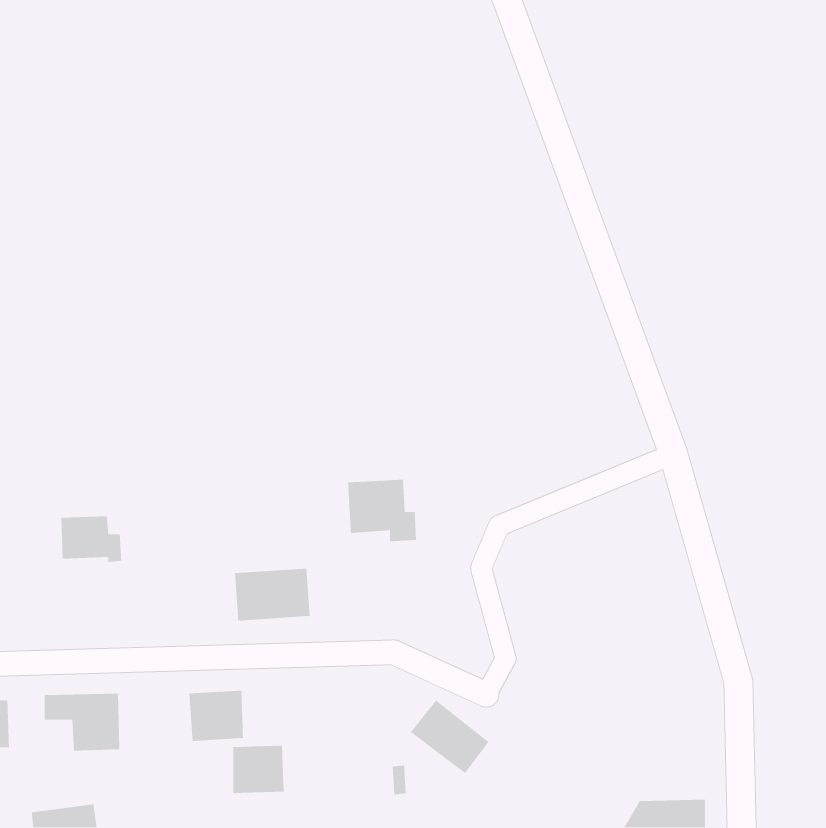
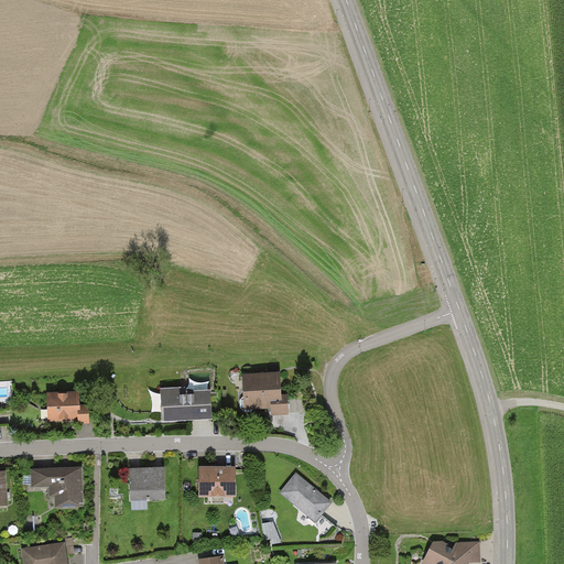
building: [347,479,417,542] -> [241,373,289,416]
building: [60,516,122,563] -> [45,390,87,422]
building: [232,745,285,794] -> [197,464,232,497]

